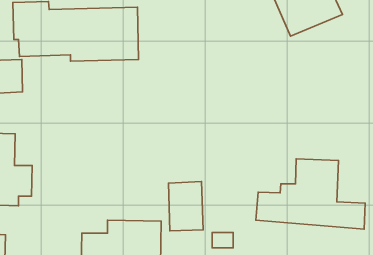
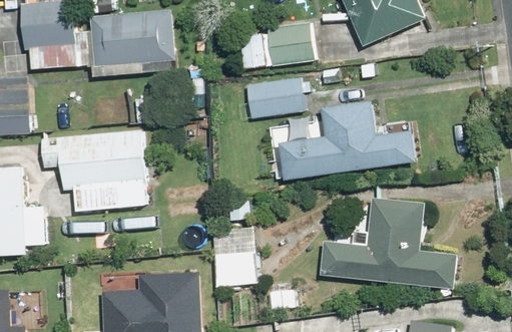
building: none -> [237,19,317,68]
building: none -> [244,77,303,118]
building: none -> [280,99,412,180]
building: none -> [39,131,141,207]

